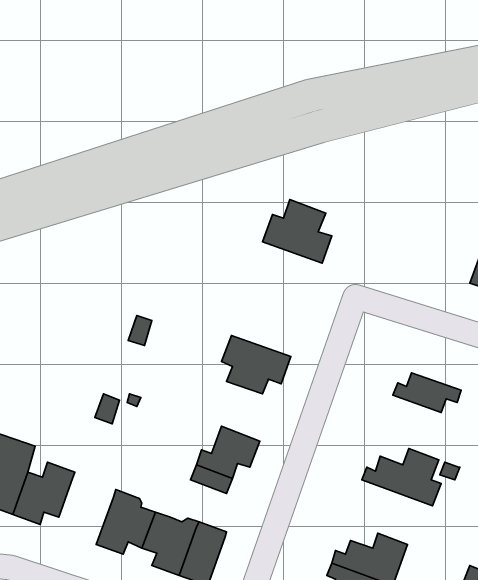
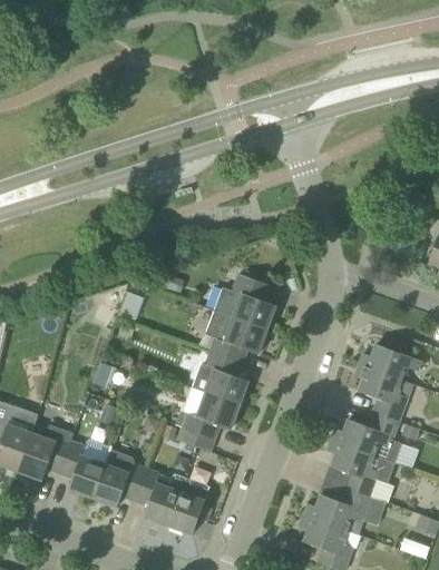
building: [262,200,332,263] -> [214,274,276,331]
building: none -> [192,353,248,406]
building: none -> [354,365,413,423]
building: none -> [59,440,111,499]
building: none -> [328,441,394,499]

